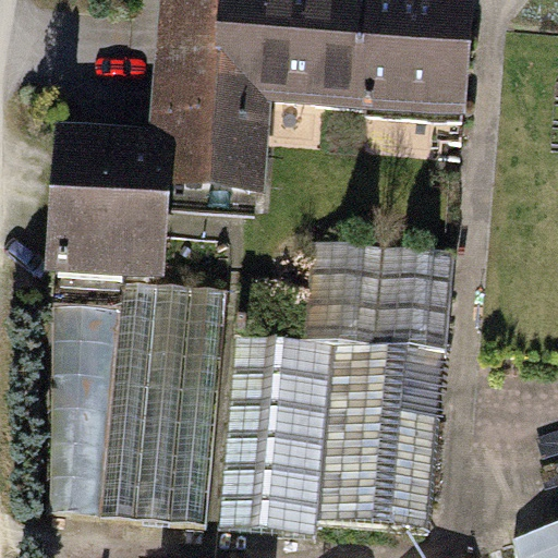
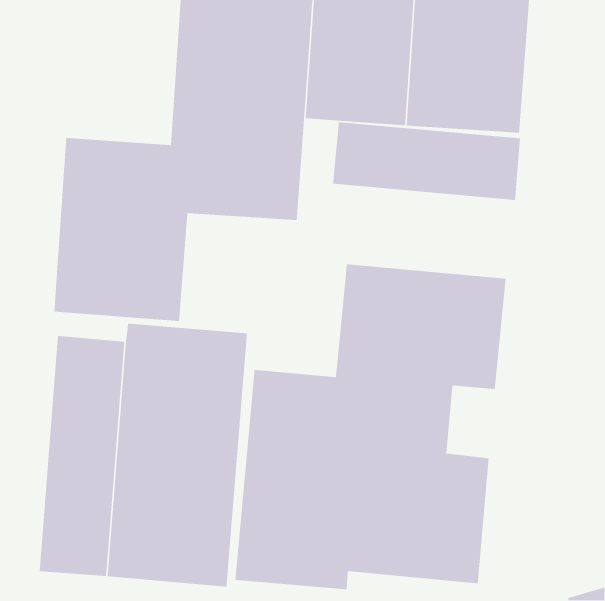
building: none -> [332,121,521,201]

